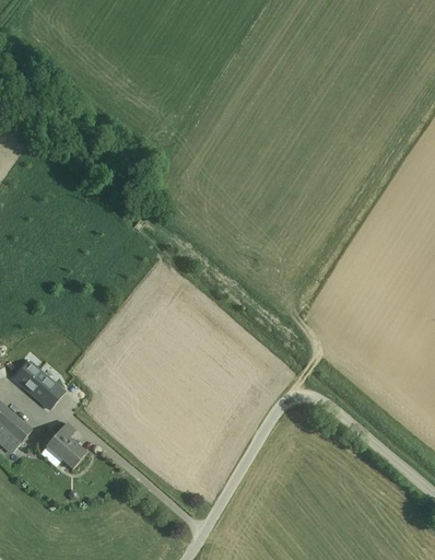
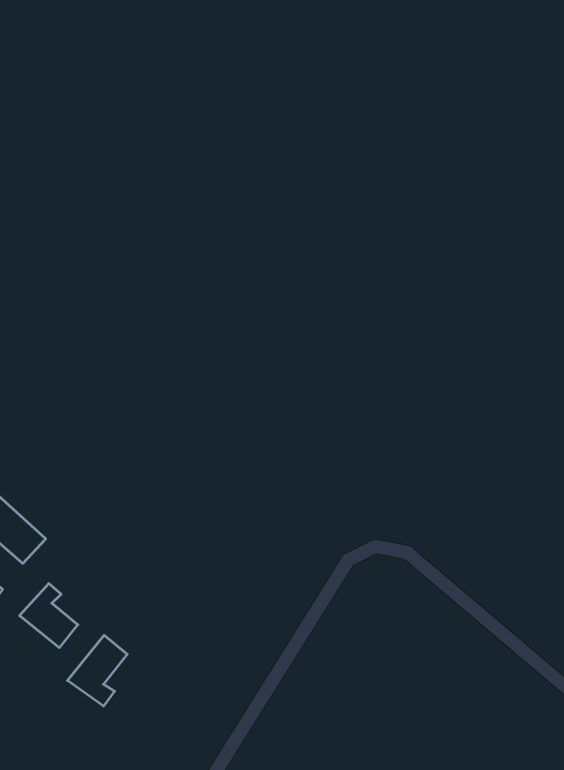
building: none -> [67,635,127,706]

